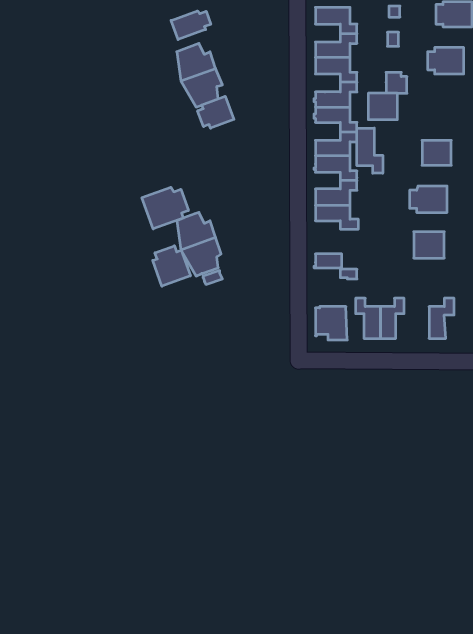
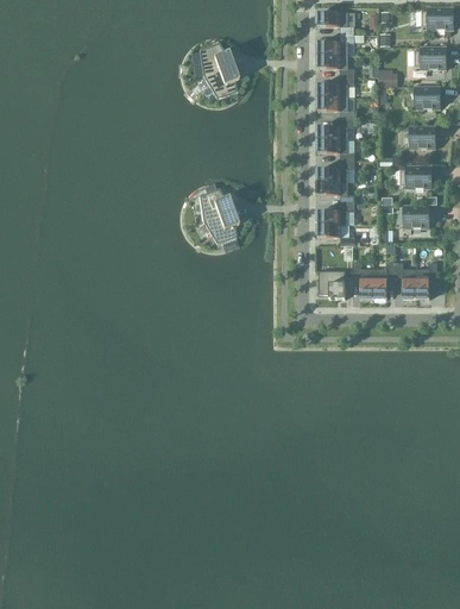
building: [171,11,211,40] -> none
building: [368,93,397,120] -> [415,86,440,108]
building: [198,96,234,128] -> none
building: [357,128,383,173] -> none
building: [142,187,188,229] -> none
building: none -> [319,202,355,224]
building: [153,246,190,286] -> none
building: none -> [395,257,416,296]

